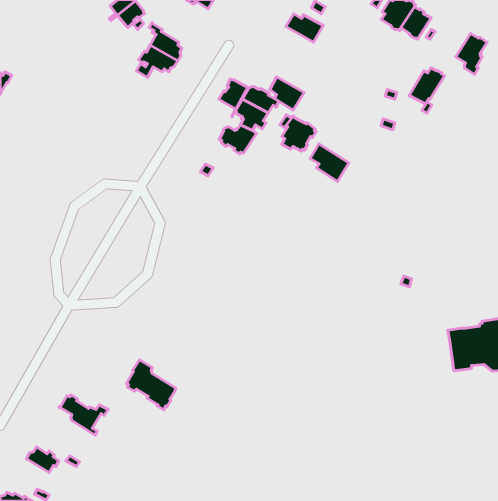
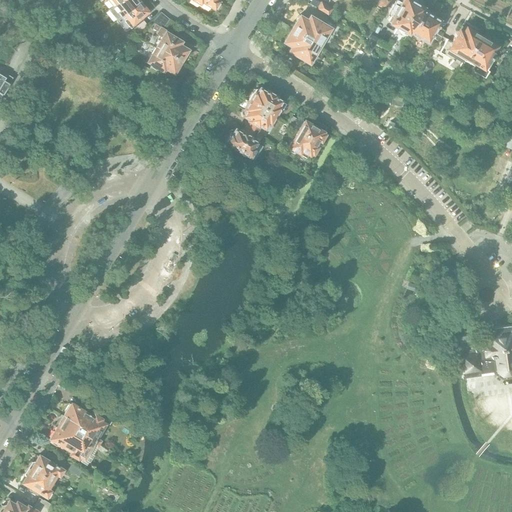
building: [409,68,445,113] -> [447,26,483,72]
building: [270,77,304,110] -> [288,27,323,61]
building: [219,79,248,117] -> none
building: [310,144,349,182] -> none
building: [127,360,176,410] -> [51,414,101,465]
building: none -> [25,467,54,495]

